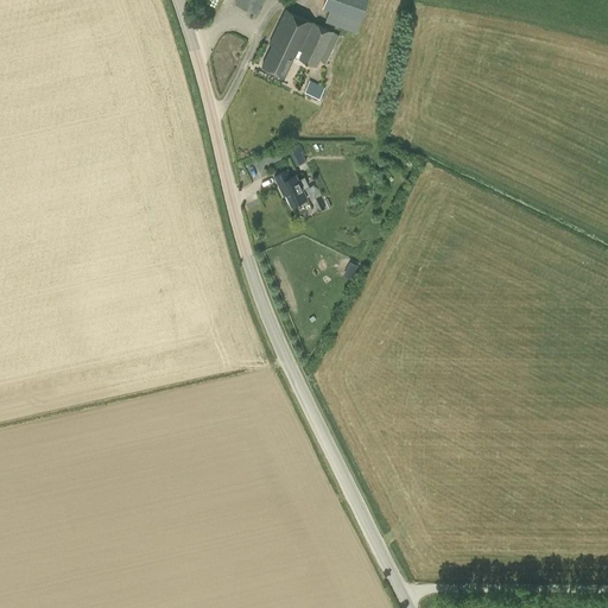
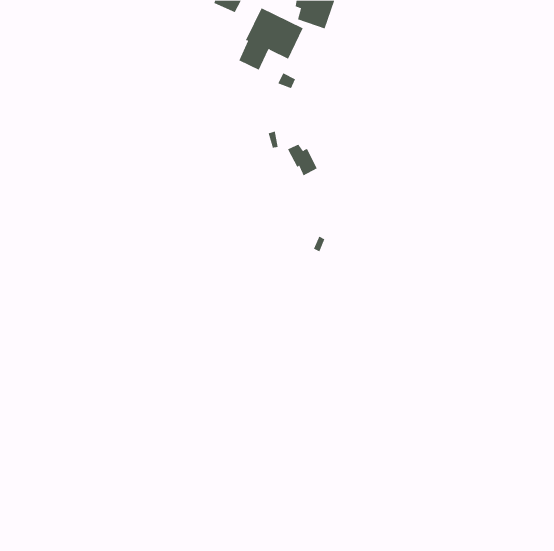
building: [273,171,306,207] -> [287,144,317,176]

